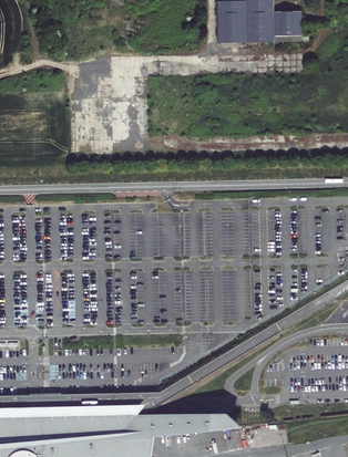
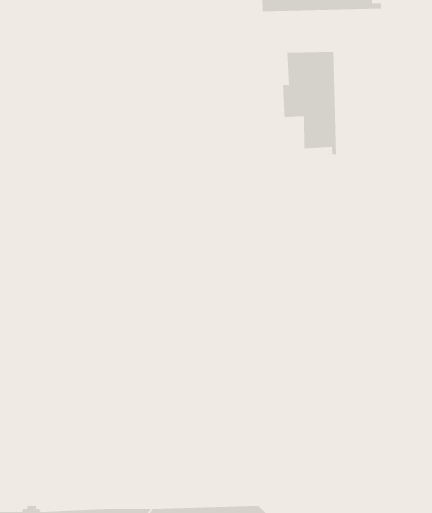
building: none -> [282,51,337,155]

